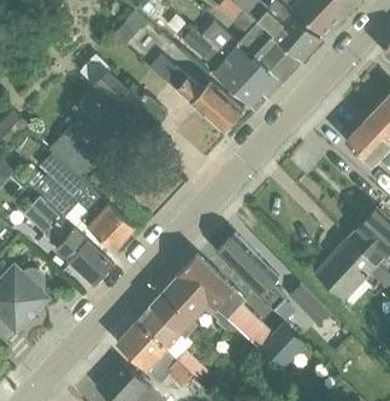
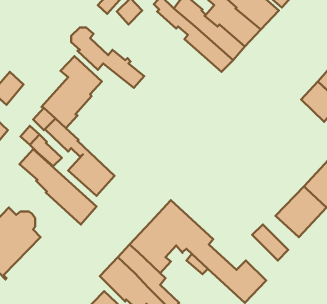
building: [149,58,240,130] -> none
building: [215,235,285,312] -> none

